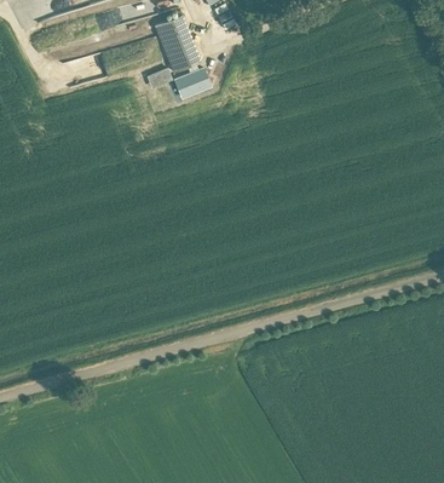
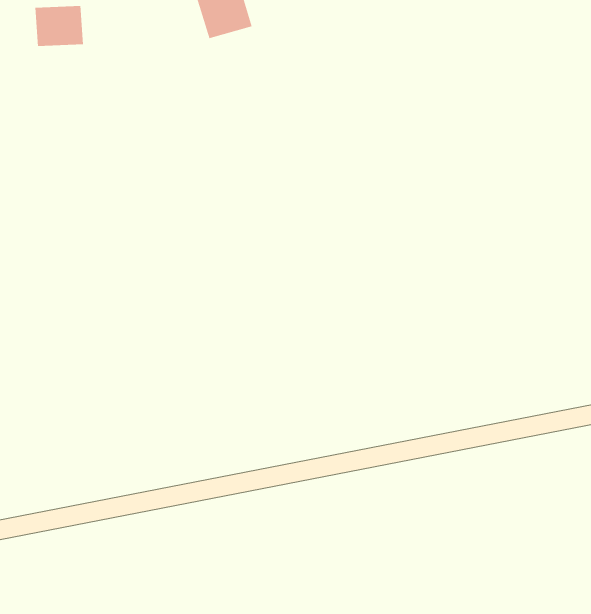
building: [173,64,209,92] -> none

